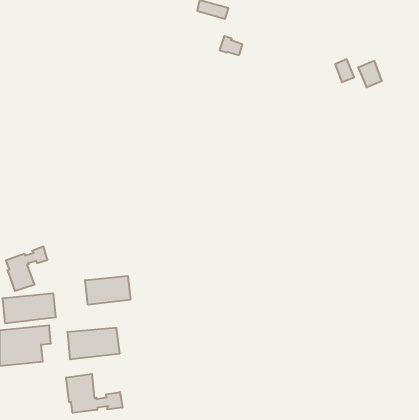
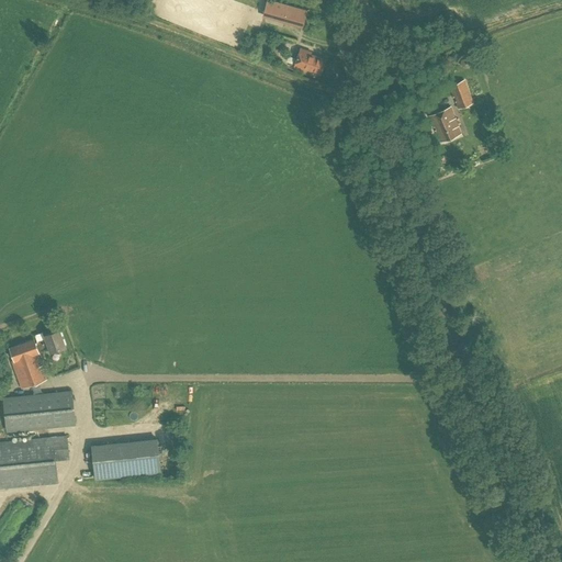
building: [358,61,382,87] -> [428,108,460,143]
building: [85,276,130,305] -> none
building: [66,374,122,413] -> none

